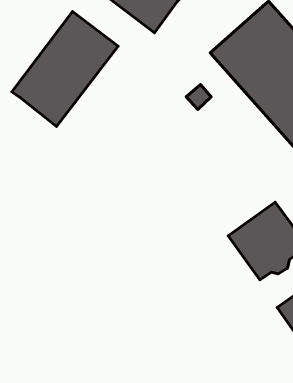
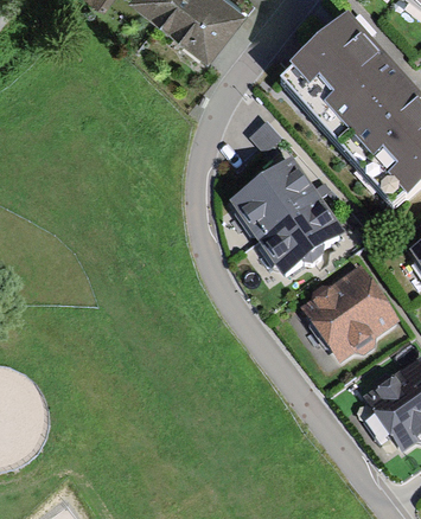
building: [12,12,118,127] -> none
building: none -> [230,156,346,278]

